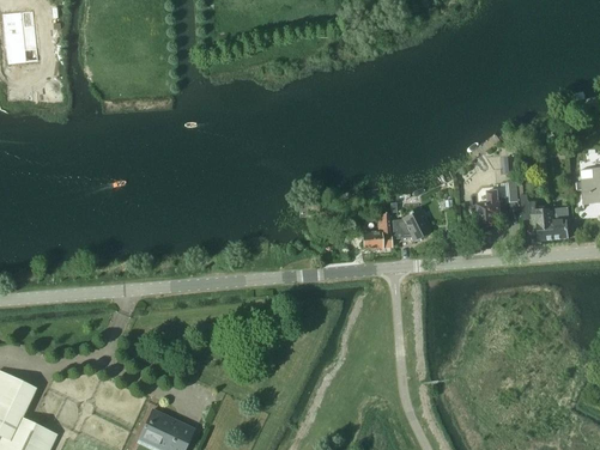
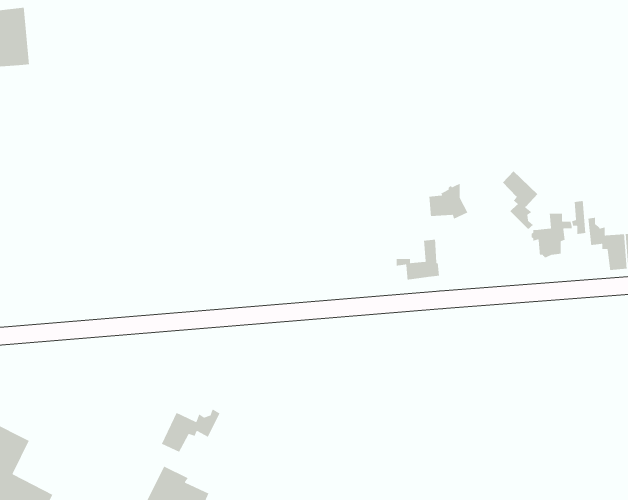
building: none -> [502,171,538,230]
building: [392,207,426,239] -> [429,182,469,220]
building: none -> [161,408,221,453]

